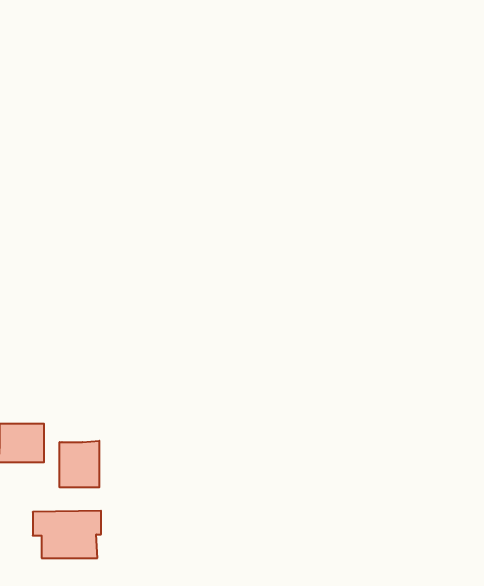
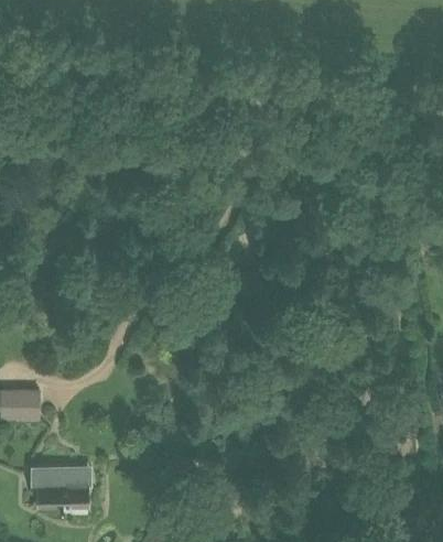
building: [60,441,99,487] -> none

